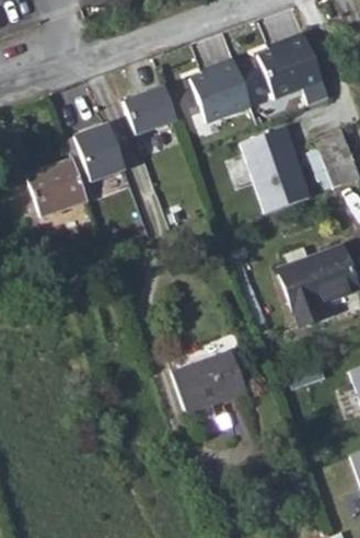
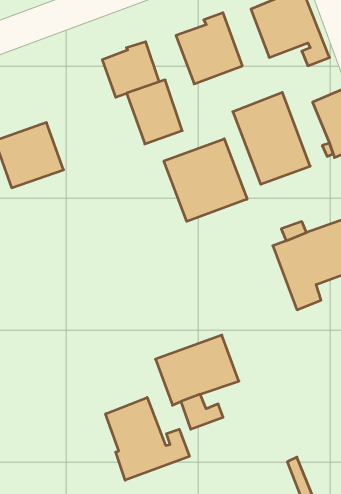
building: [73,122,124,180] -> [127,80,182,144]
building: none -> [164,139,247,221]
building: none -> [106,397,189,480]

